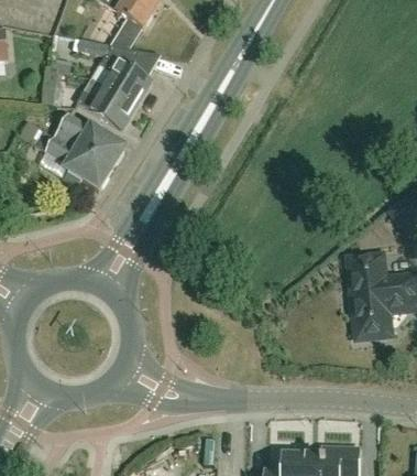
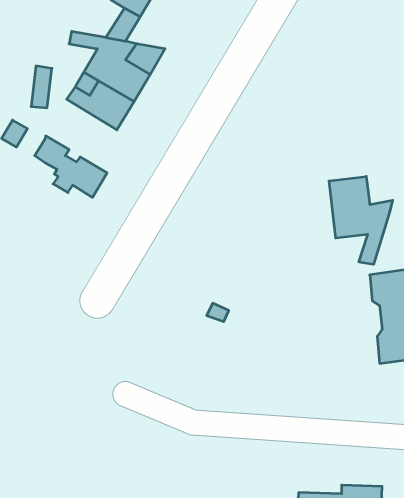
building: [56,113,124,166] -> none
building: none -> [329,176,393,264]

